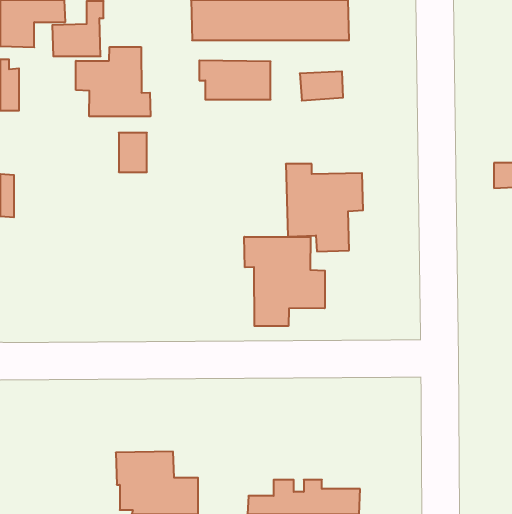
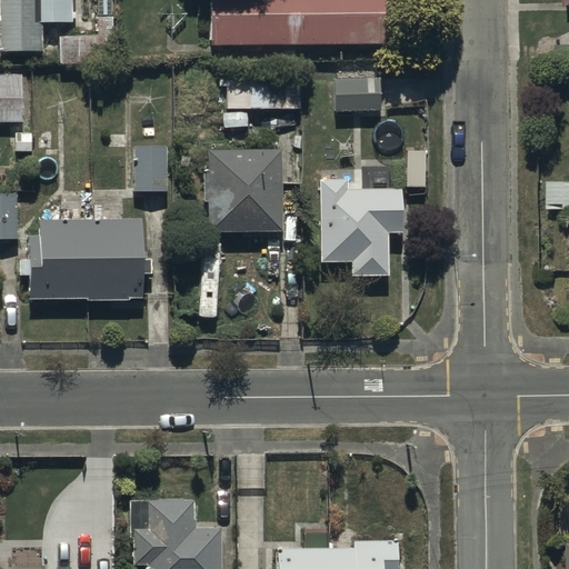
building: [76,47,150,116] -> none
building: none -> [202,151,279,231]
building: none -> [29,219,143,298]
building: [244,237,325,326] -> none

